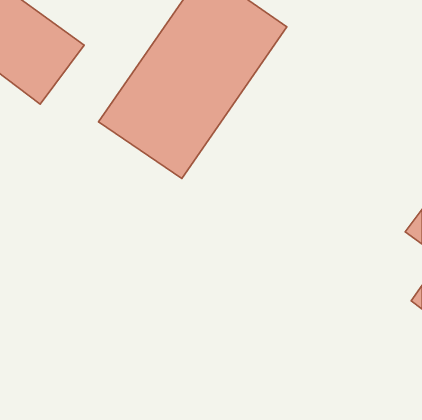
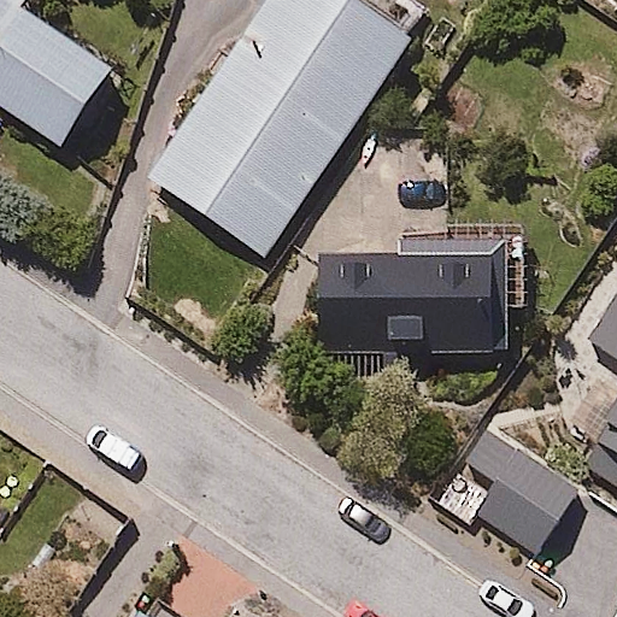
building: none -> [313,228,509,358]
building: none -> [454,418,582,553]

